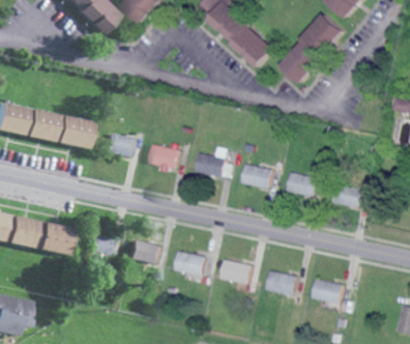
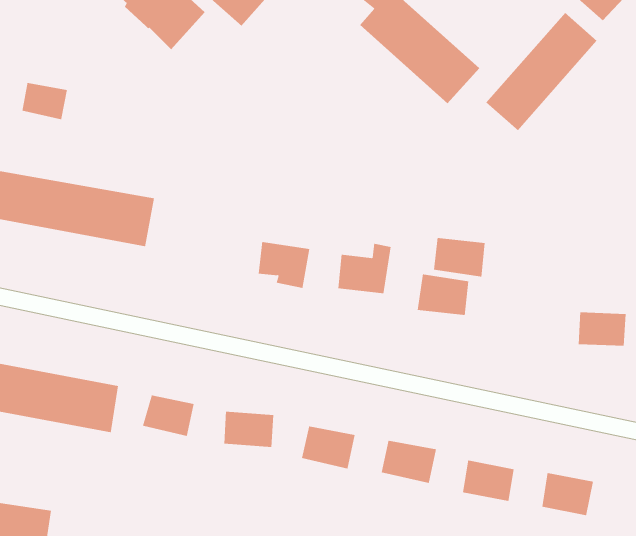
building: none -> [22,82,68,120]
building: [104,132,135,156] -> none
building: [287,172,317,195] -> [433,237,486,277]

